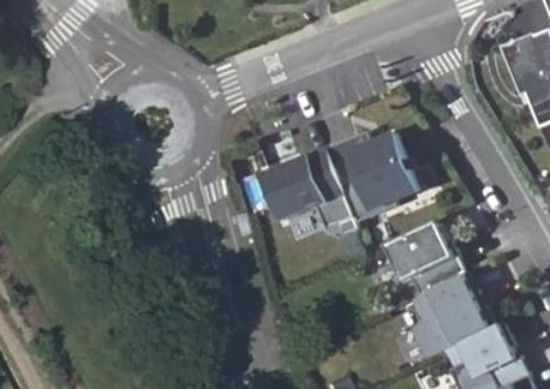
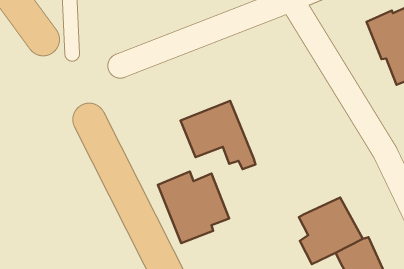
building: [323,132,414,223] -> [158,172,229,243]
building: [383,220,464,294] -> none

